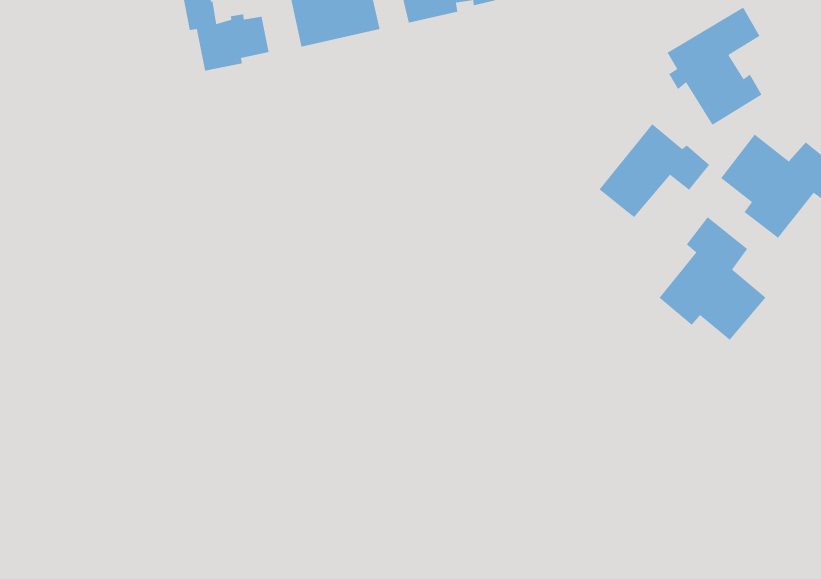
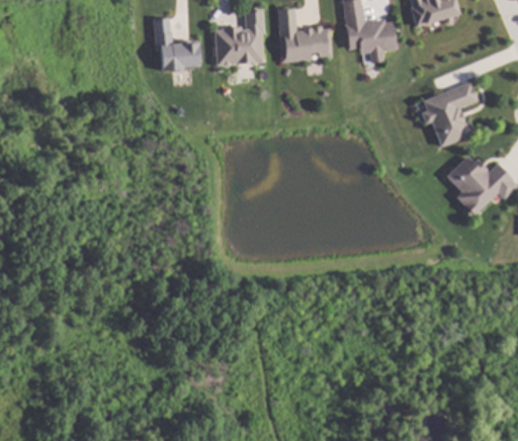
building: [598,123,710,218] -> none
building: [658,216,767,341] -> none

